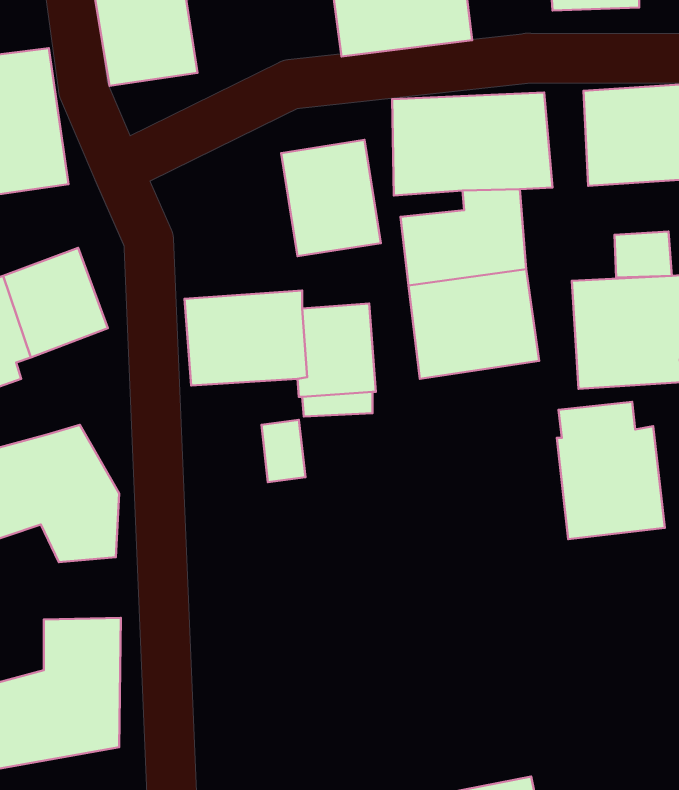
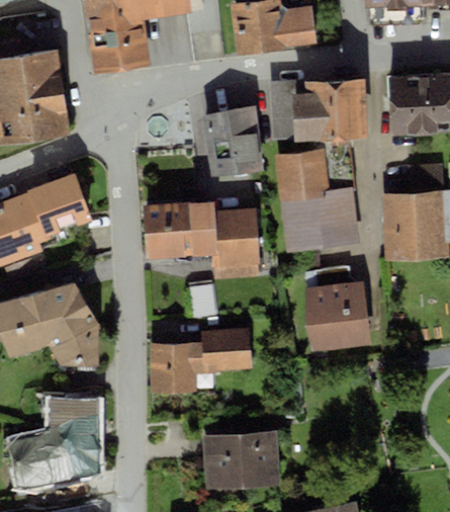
building: [557,402,665,539] -> [304,265,371,350]
building: none -> [150,327,252,392]
building: none -> [202,430,280,489]

